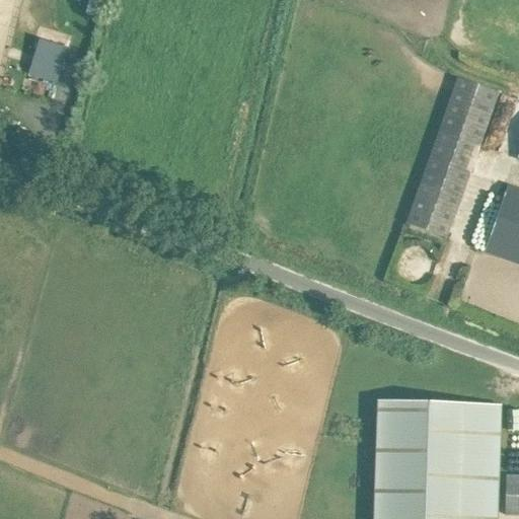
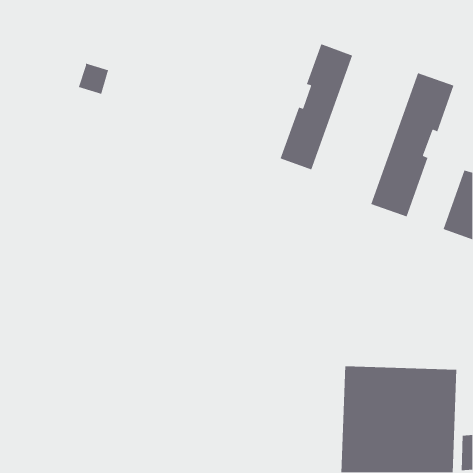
building: [31,42,66,77] -> [78,63,109,95]
building: none -> [280,43,353,171]

